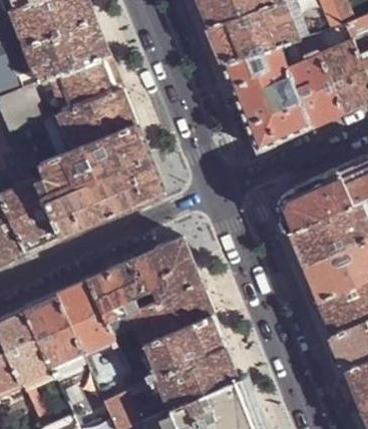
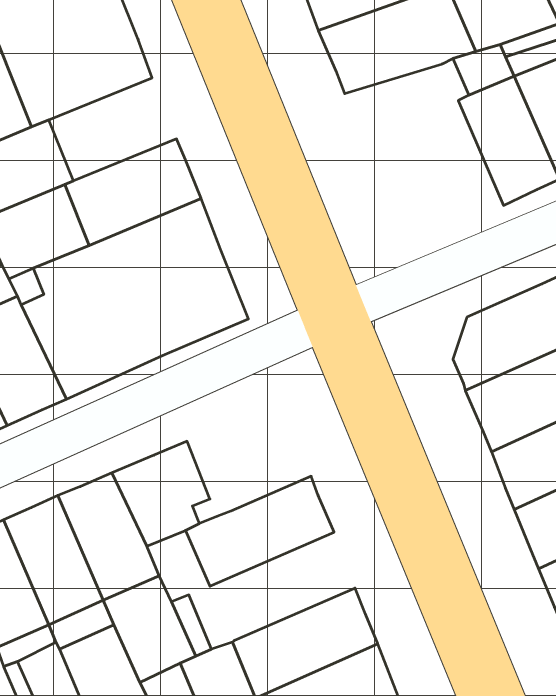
building: [221,46,312,151] -> none
building: [51,54,124,113] -> none
building: [130,239,202,303] -> none
building: [143,315,227,378] -> none

